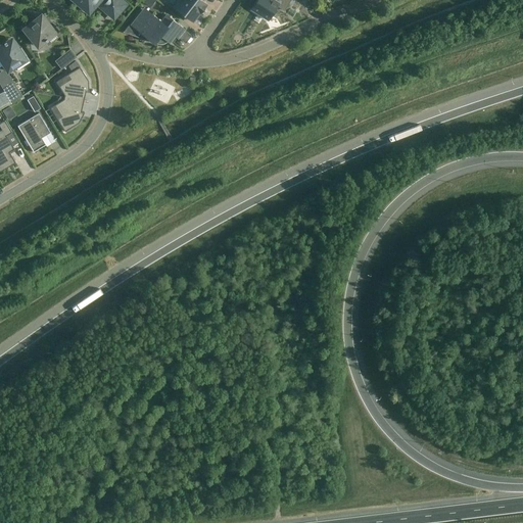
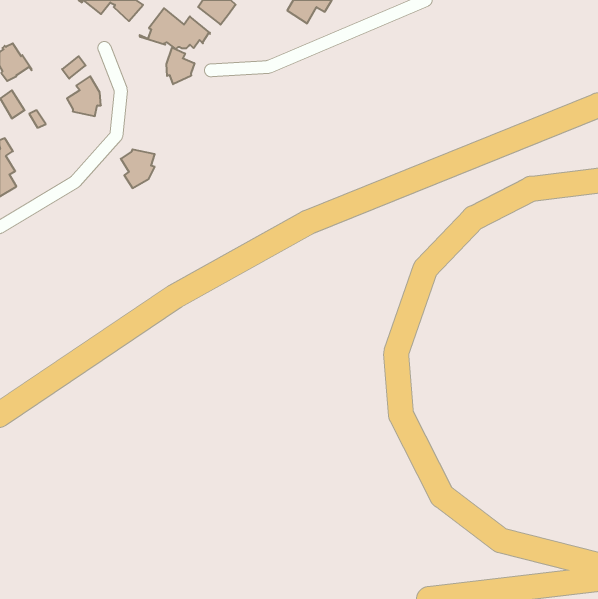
building: [22,14,59,46] -> none
building: none -> [166,48,194,84]
building: [53,97,83,131] -> [121,149,155,188]
building: [16,112,49,151] -> none

